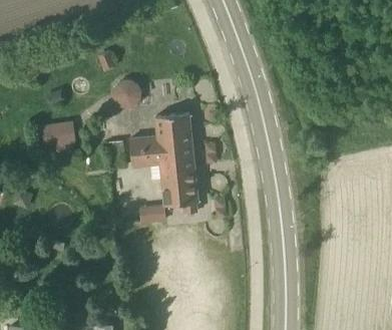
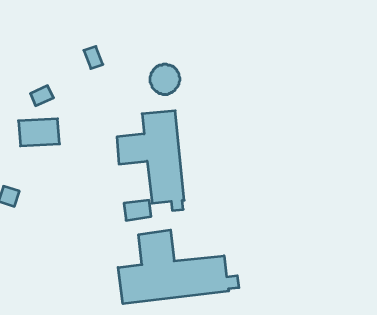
building: [112,80,142,110] -> [150,64,180,94]
building: none -> [118,230,239,304]

